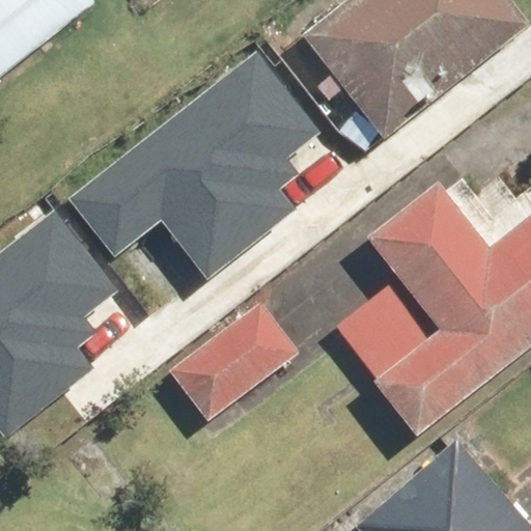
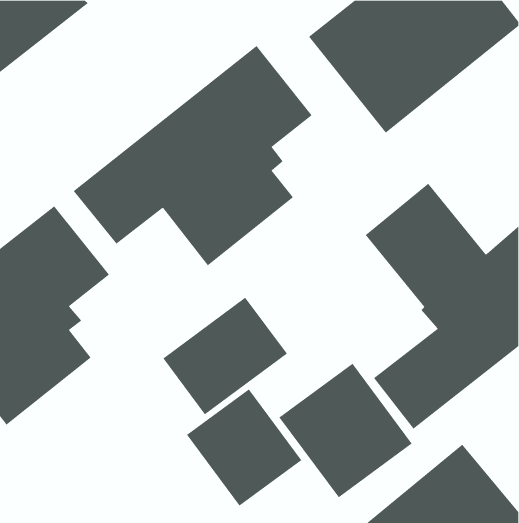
building: none -> [279,363,413,498]
building: none -> [186,388,302,506]

